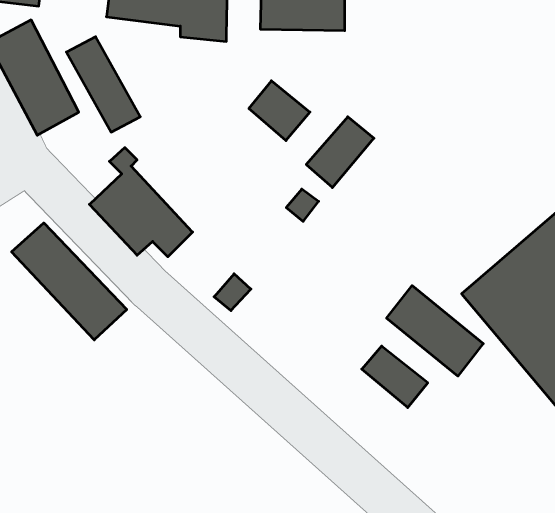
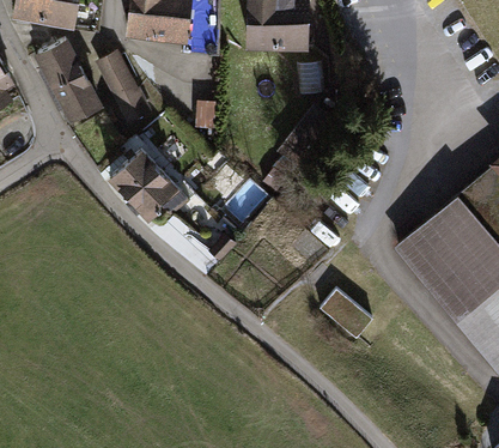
building: [249,81,310,141] -> none
building: [12,223,127,340] -> none
building: [387,286,483,376] -> none

